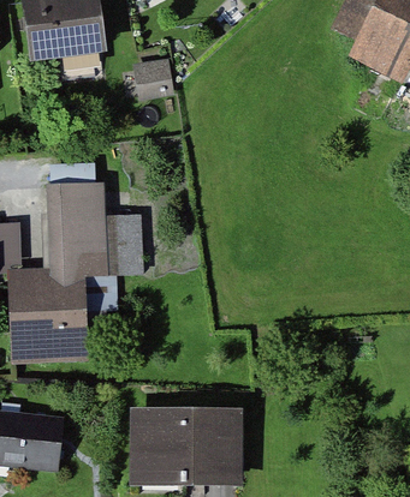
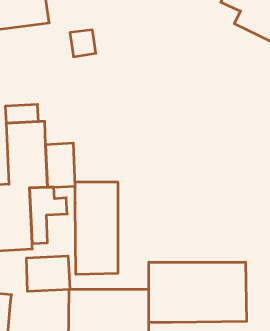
building: none -> [75,182,118,274]
building: none -> [27,256,70,291]
building: none -> [149,262,247,322]

